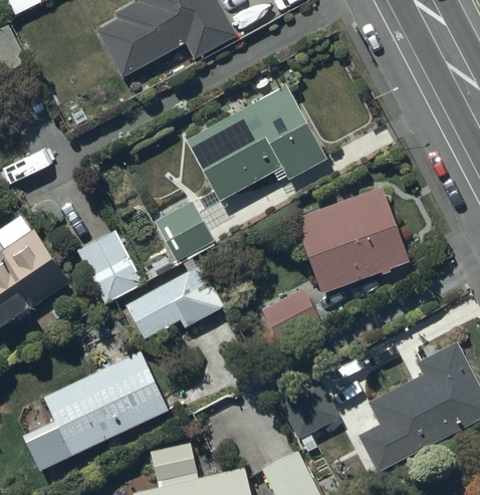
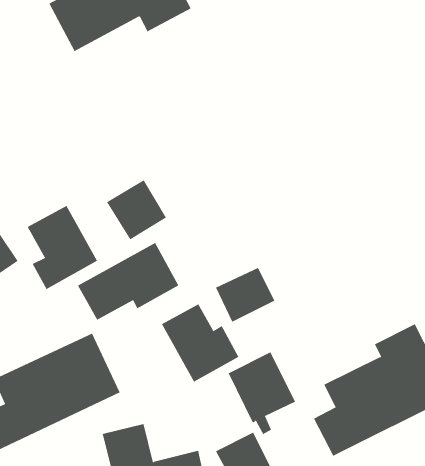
building: [186,86,324,202] -> none
building: [292,188,408,294] -> none
building: none -> [161,303,239,383]

